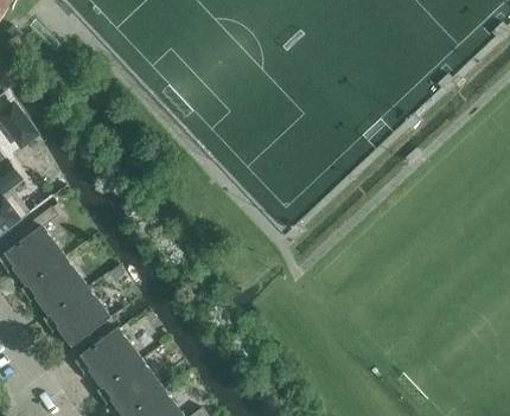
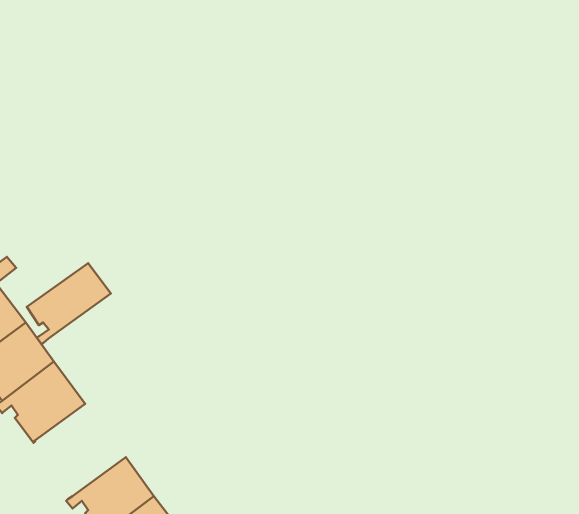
building: none -> [27,263,111,344]
building: [72,328,140,388] -> none

